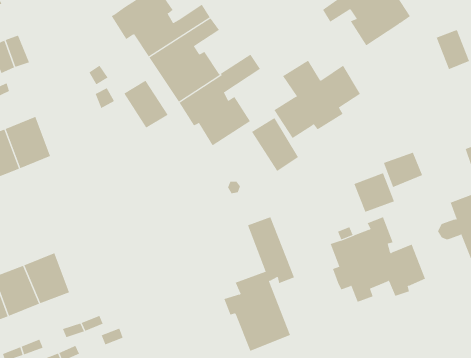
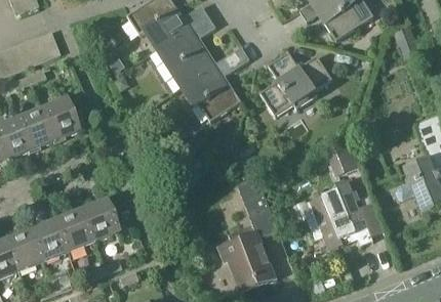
building: [123,80,168,129] -> none
building: [251,117,299,172] -> none
building: [383,152,423,188] -> none
building: none -> [81,200,119,242]

